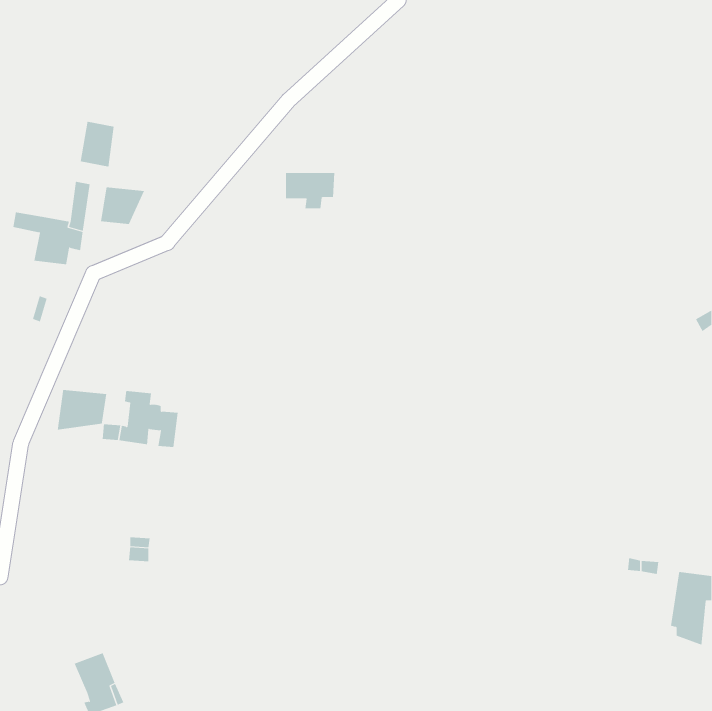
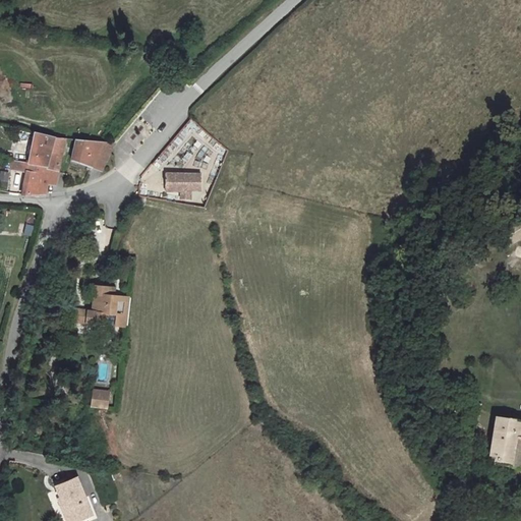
building: [80,121,115,167] -> [30,129,55,163]
building: [285,172,335,209] -> [164,174,200,200]
building: [57,389,107,430] -> none

